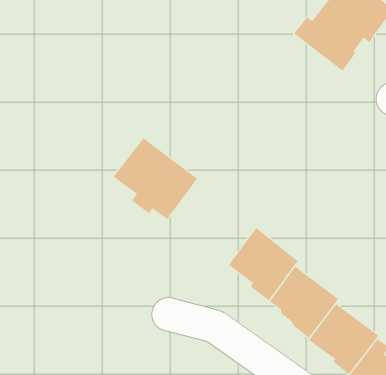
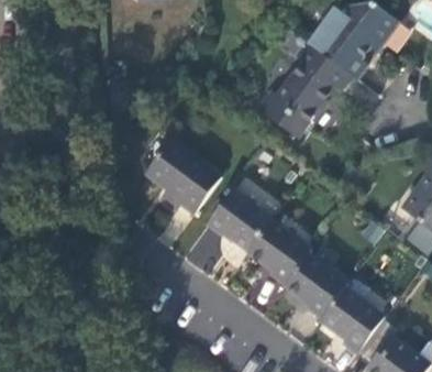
building: none -> [259,29,351,135]
building: none -> [209,189,274,252]

